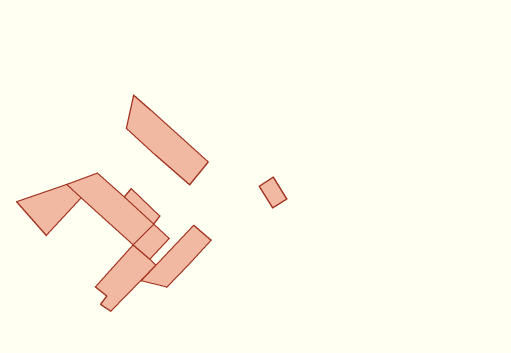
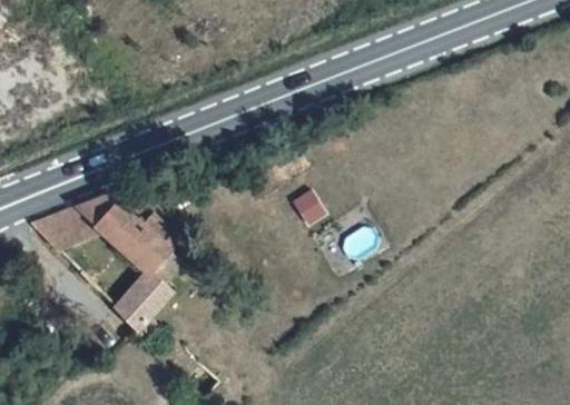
building: [127,95,208,185] -> none
building: [141,225,211,287] -> none

